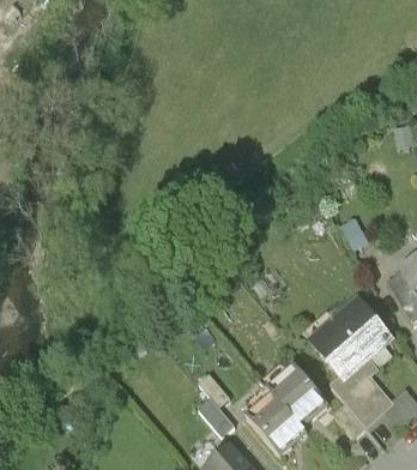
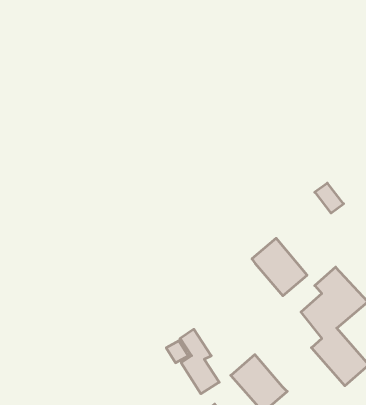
building: [267,363,325,423] -> [252,238,307,296]

